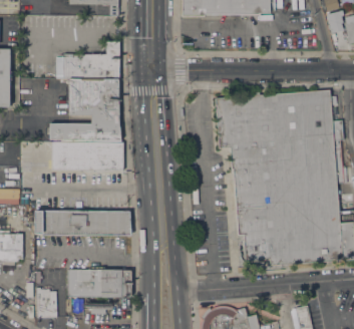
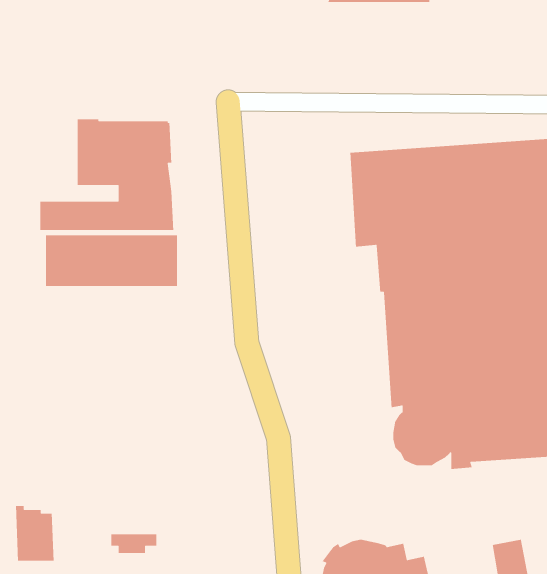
building: [56,41,118,78] -> none
building: [40,210,131,235] -> none
building: [67,269,131,297] -> none

